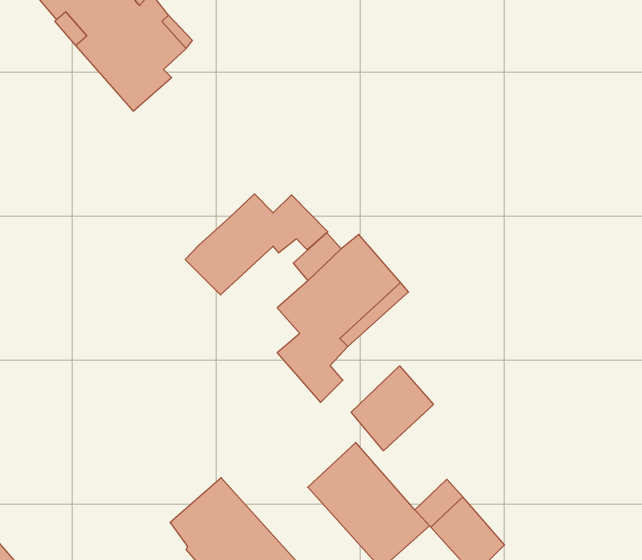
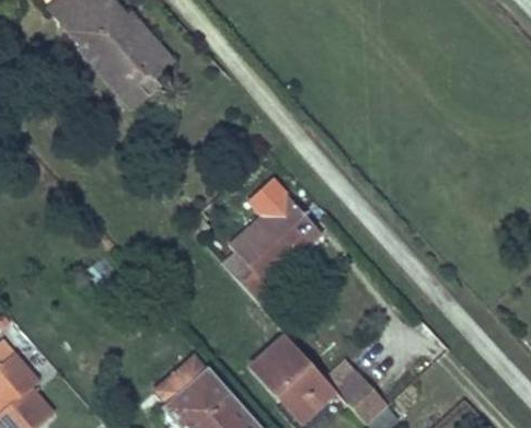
building: [185,194,328,295] -> none
building: [351,366,433,451] -> none

